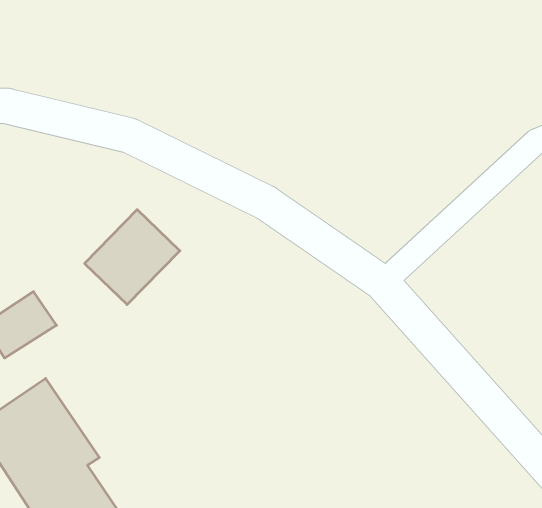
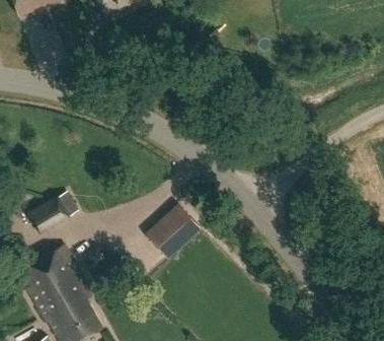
building: [85,210,180,305] -> [146,203,202,258]

